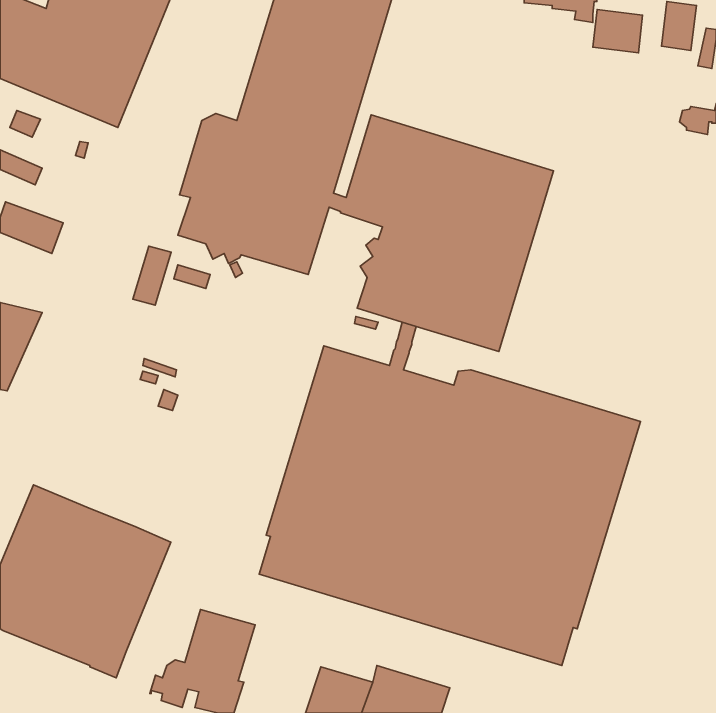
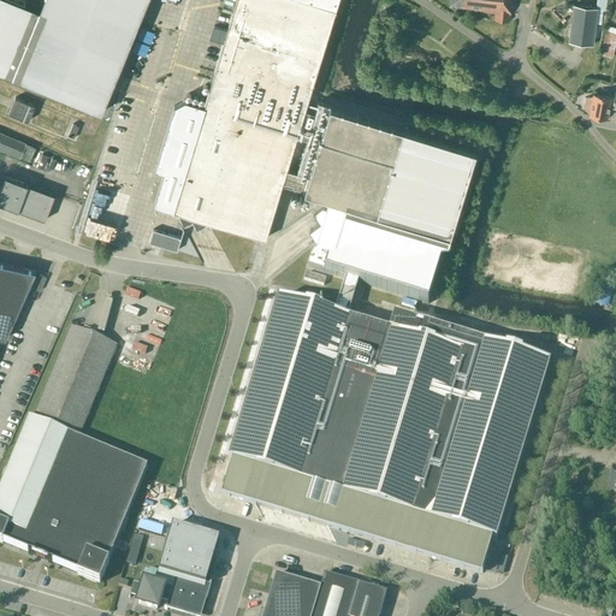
building: [593,9,643,53] -> none
building: [133,246,171,305] -> none
building: none -> [34,326,116,434]

